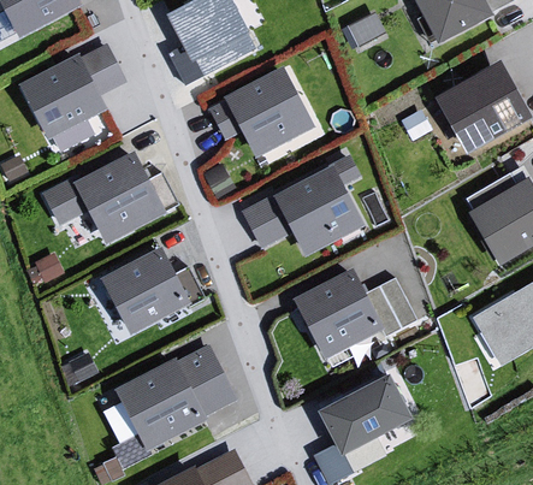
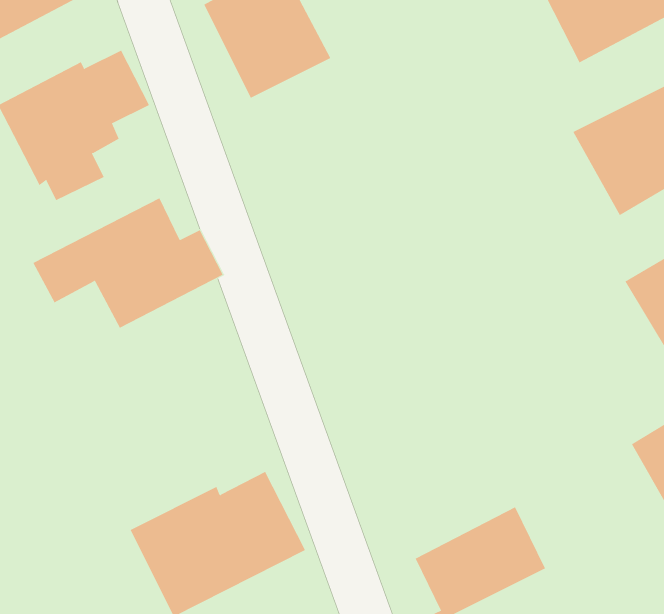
building: [208,64,314,155] -> none
building: [242,154,366,255] -> none
building: [101,246,203,332] -> none
building: [294,267,417,357] -> none

